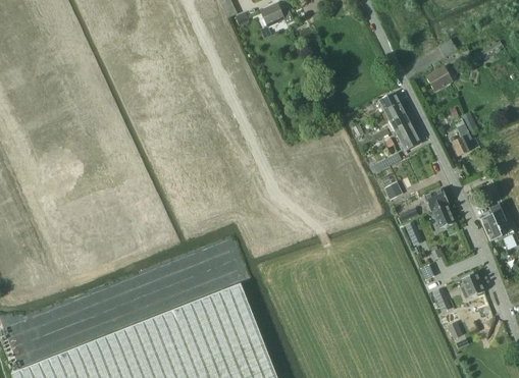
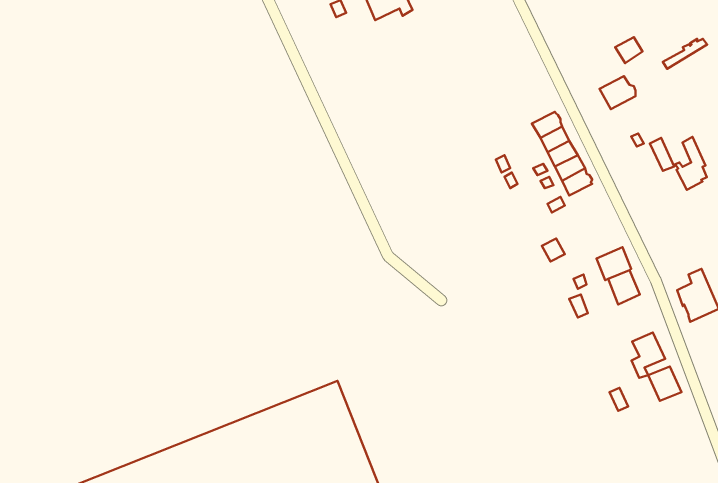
building: [450,120,472,158] -> [675,137,707,190]
building: none -> [631,333,665,378]

